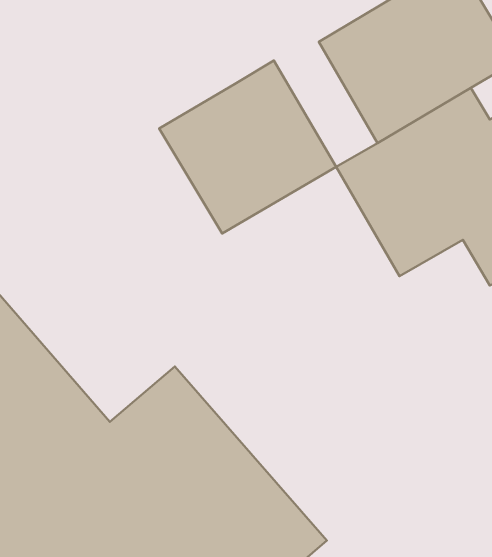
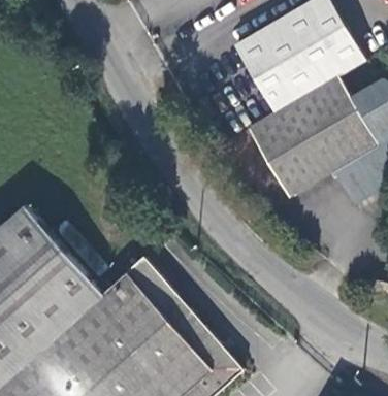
building: [159,61,336,233] -> none

